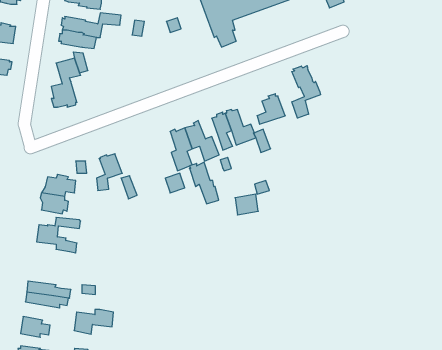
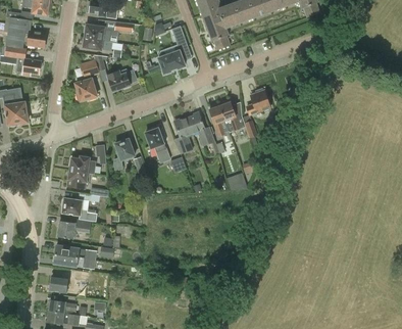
building: none -> [158,42,189,74]
building: [292,66,320,118] -> none
building: none -> [107,68,138,91]
building: [189,162,219,204] -> [146,128,170,162]
building: [74,310,113,334] -> [58,219,91,239]

